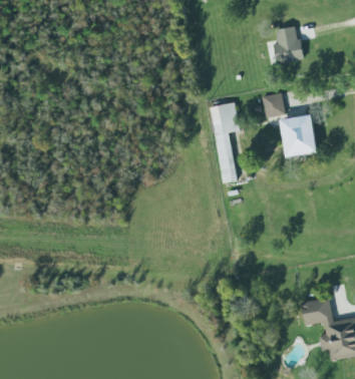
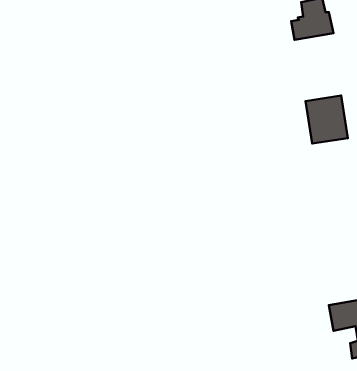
building: [261,92,285,117] -> none
building: [210,102,239,183] -> none

